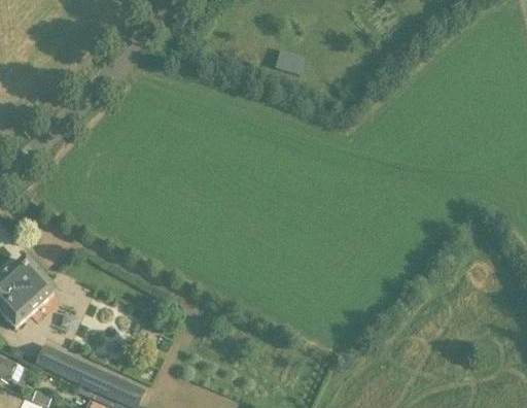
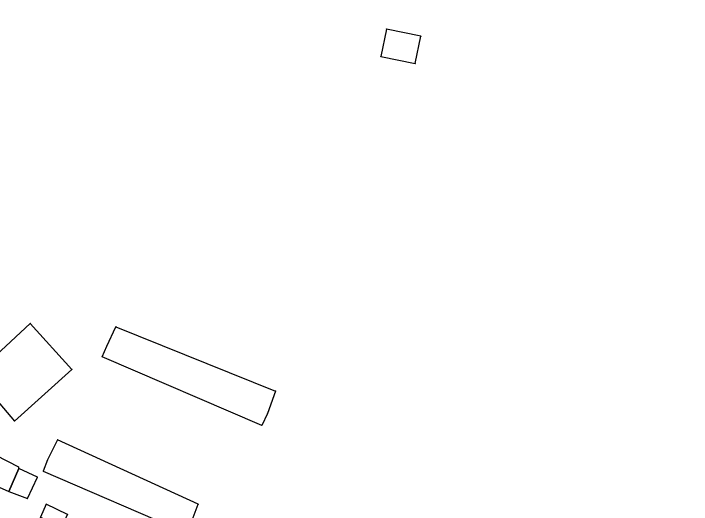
building: none -> [102,327,276,425]

